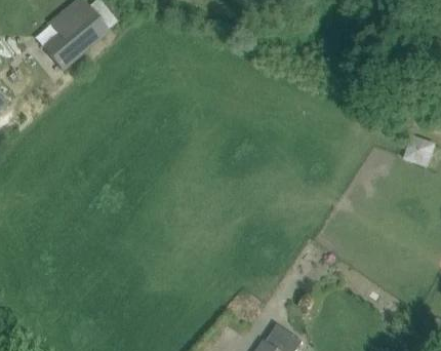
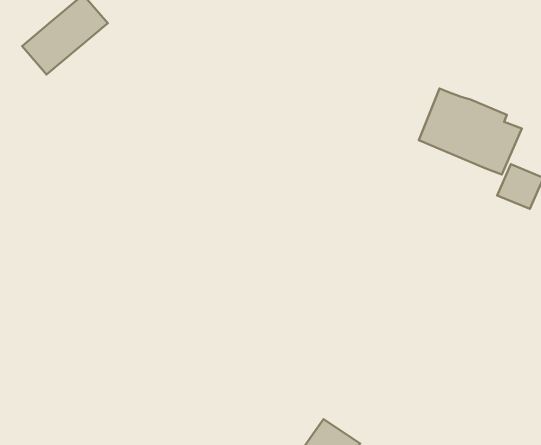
building: none -> [419,89,522,174]

